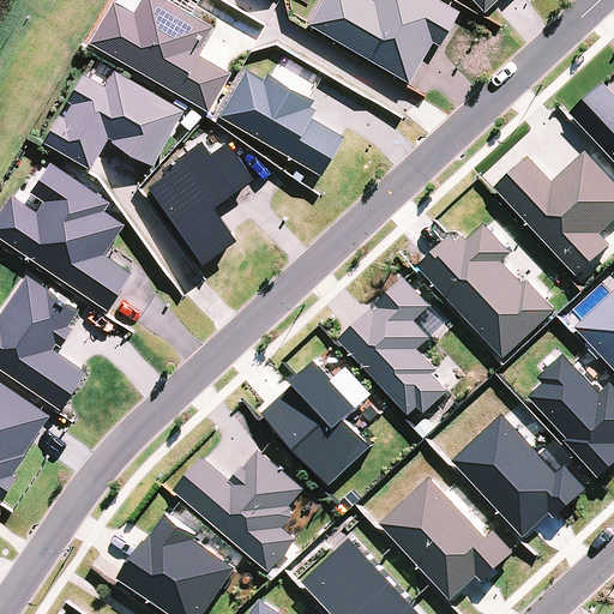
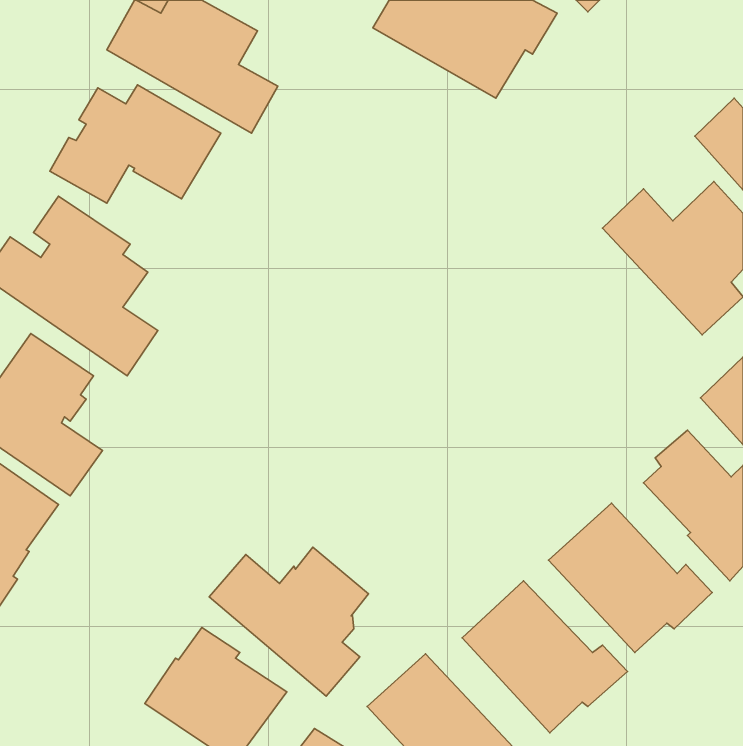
building: [216,70,341,175] -> none
building: [146,140,251,264] -> none
building: [417,223,555,359] -> none
building: [336,277,446,415] -> none
building: [264,360,372,486] -> none

